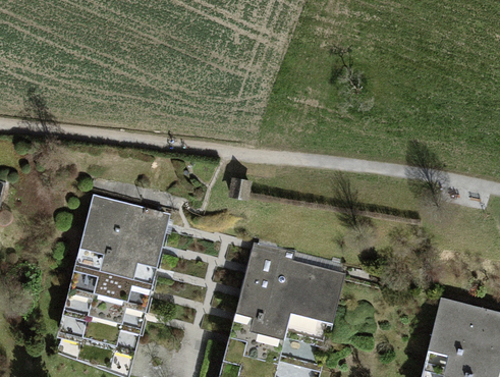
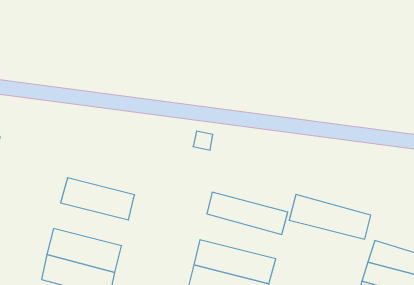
building: [82,193,170,244] -> none
building: [66,253,155,304] -> none
building: [239,266,336,319] -> [289,194,371,239]

